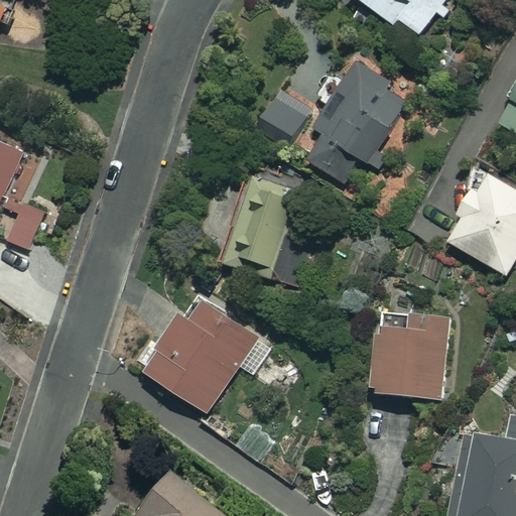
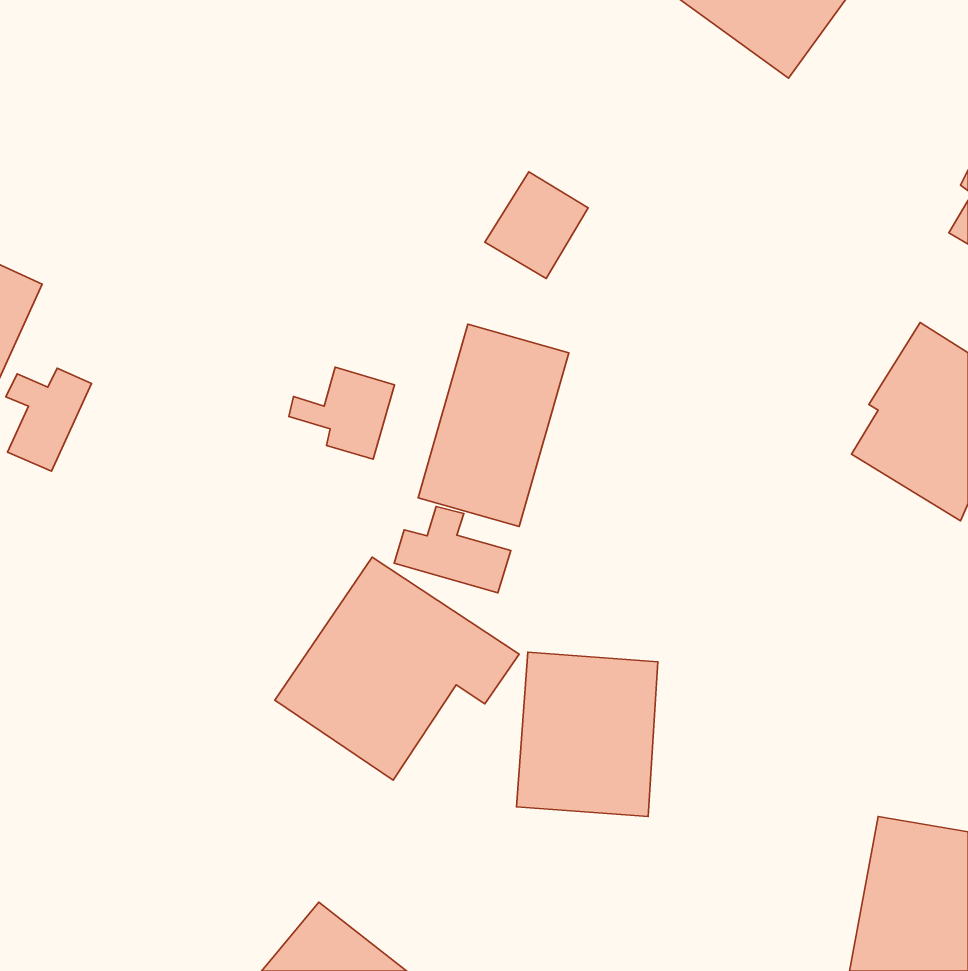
building: [308,67,408,183] -> none
building: none -> [289,367,394,459]
building: none -> [394,506,511,593]
building: [373,311,447,398] -> [516,652,658,816]

